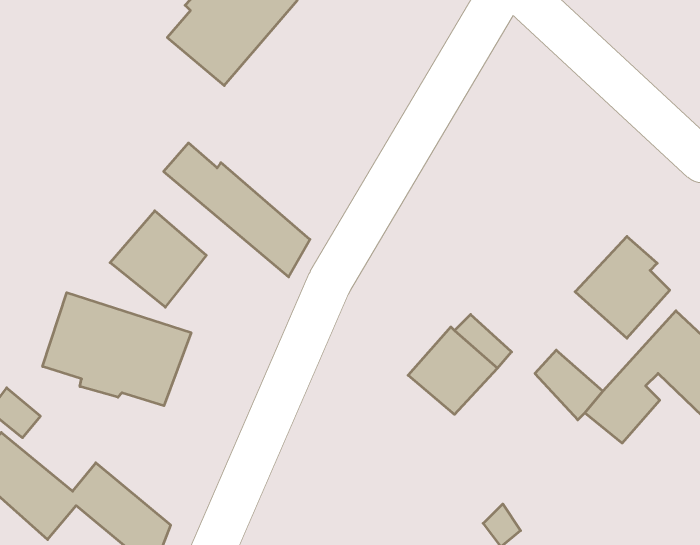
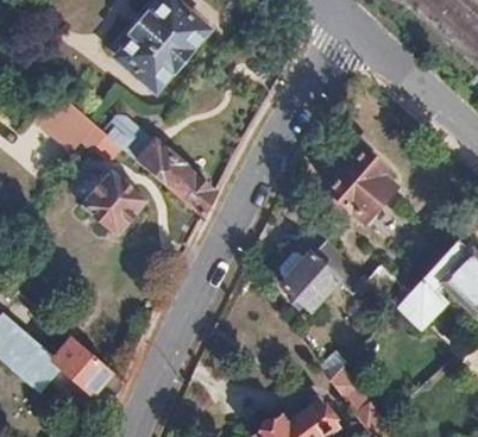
building: none -> [36,94,106,152]
building: [575,236,670,338] -> [328,146,391,214]
building: [43,293,191,406] -> none

